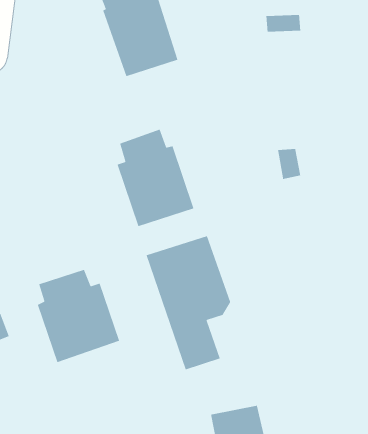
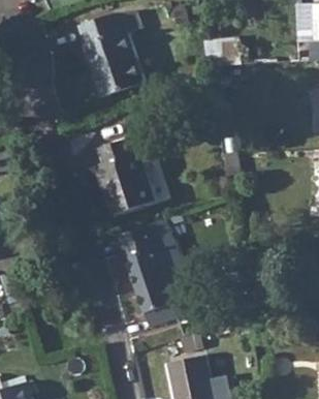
building: [37,269,120,363] -> none

